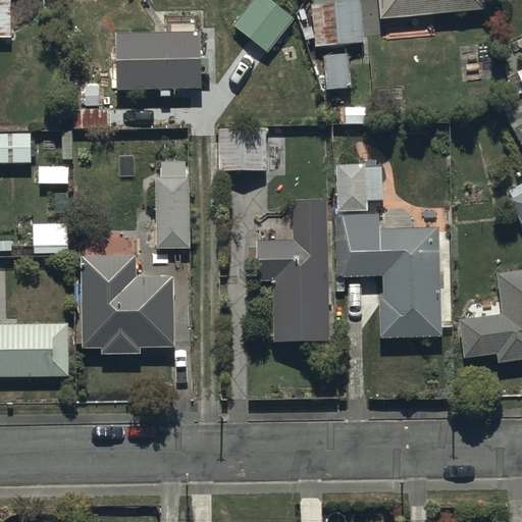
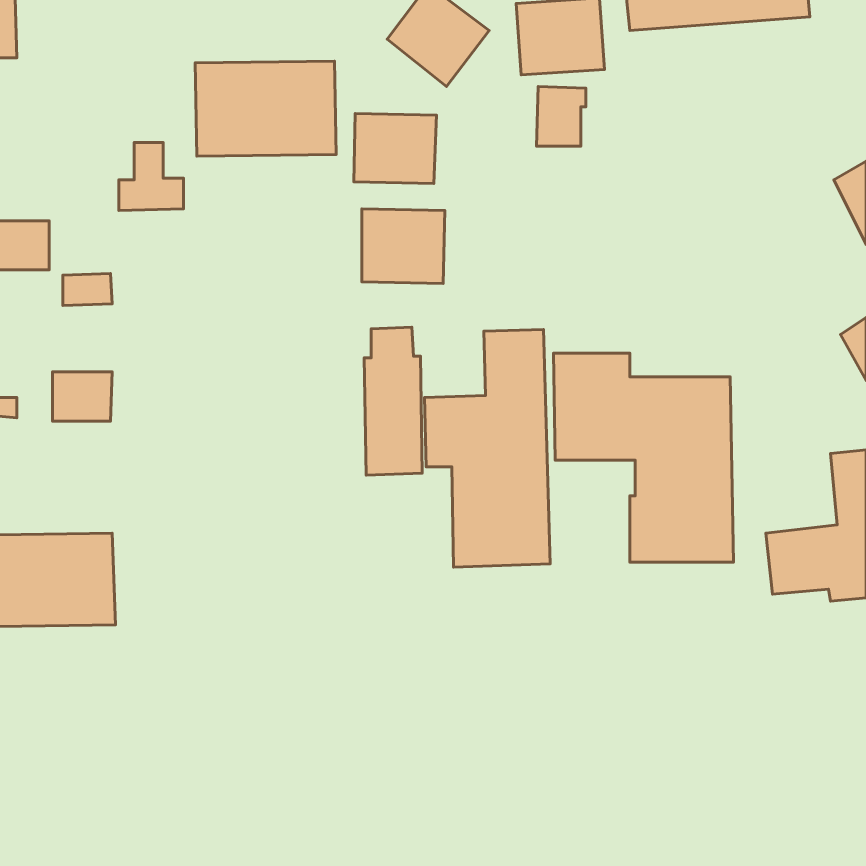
building: none -> [354,113,437,183]
building: [335,162,383,211] -> none
building: [156,163,191,252] -> [364,327,422,475]
building: [80,254,173,353] -> none

